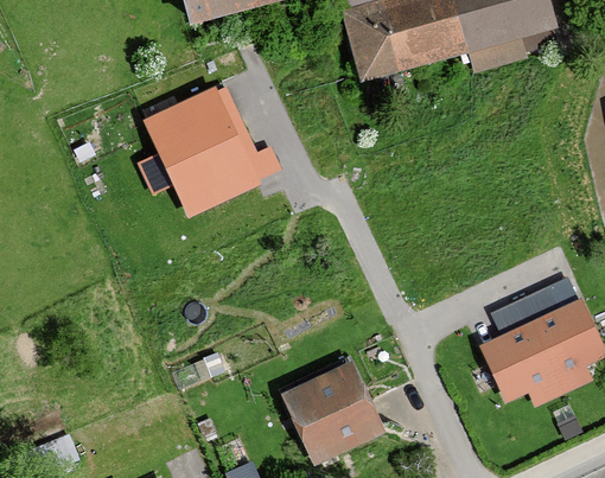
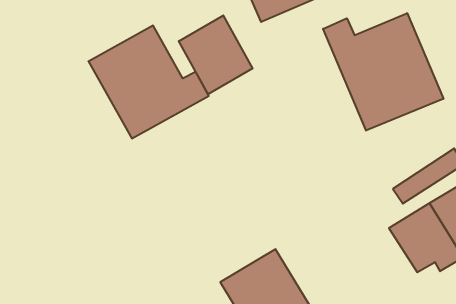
building: none -> [179,15,253,94]
building: none -> [323,13,443,131]

